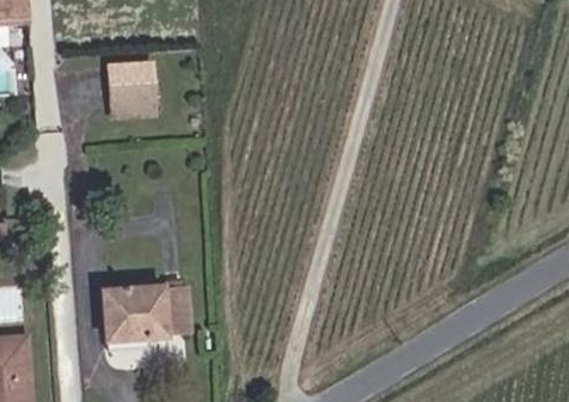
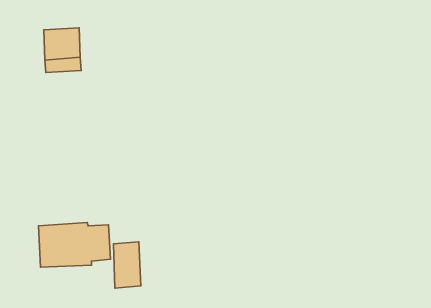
building: none -> [114,242,141,288]

